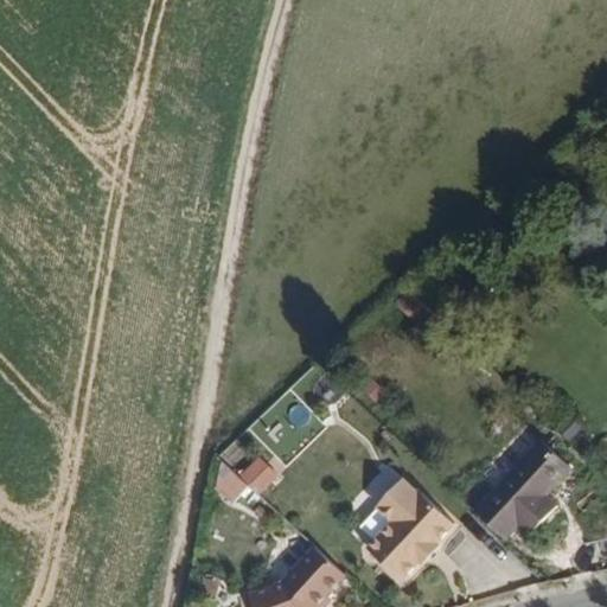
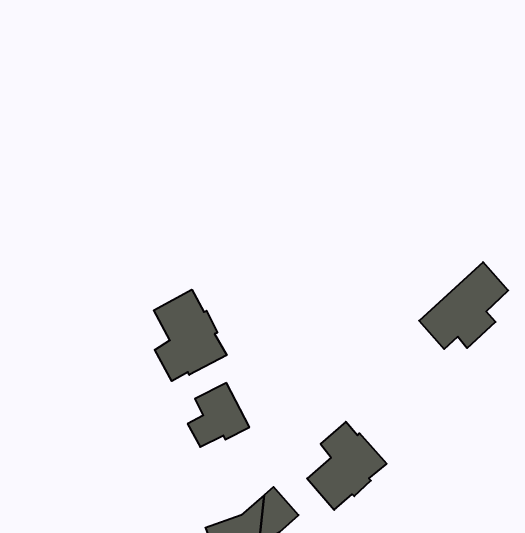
building: none -> [154,290,227,381]
building: [468,437,569,536] -> [419,262,508,349]

